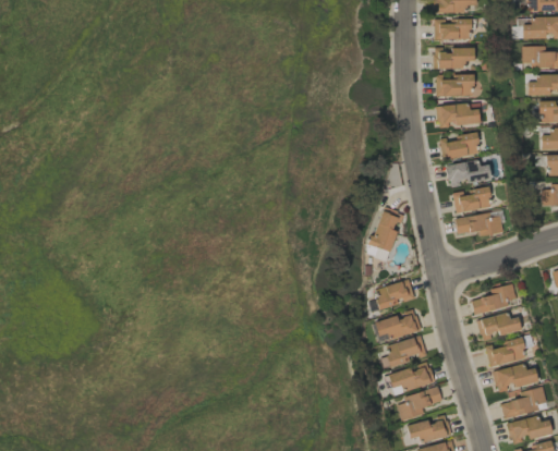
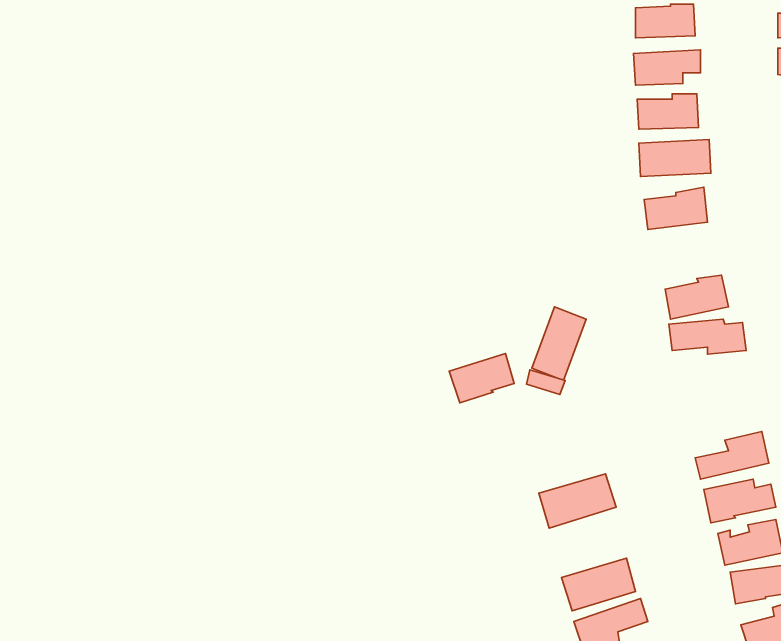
building: [447,160,492,187] -> none
building: [375,280,415,310] -> [449,353,514,403]
building: [381,336,427,368] -> none

